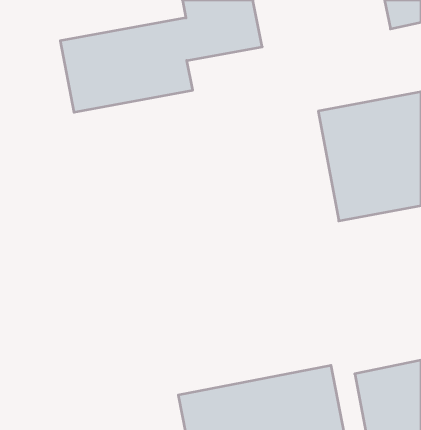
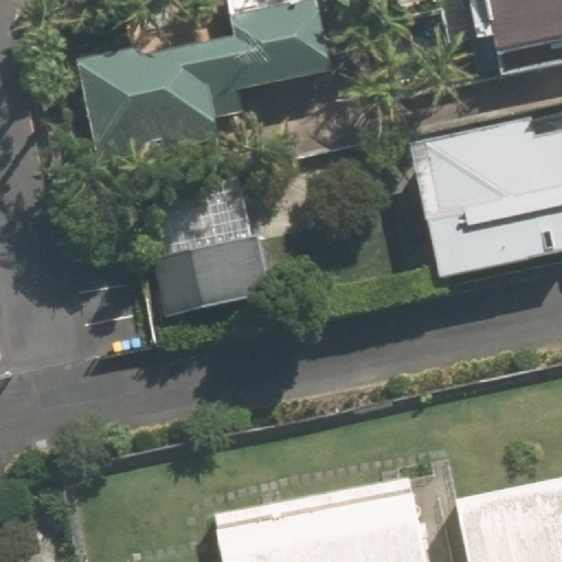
building: none -> [144,226,280,313]

